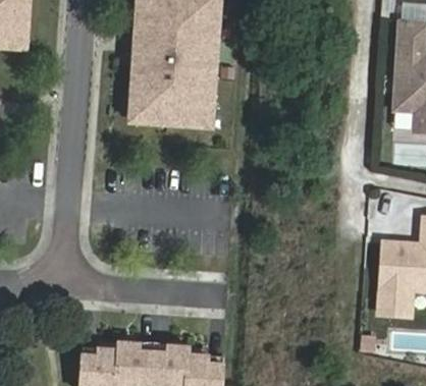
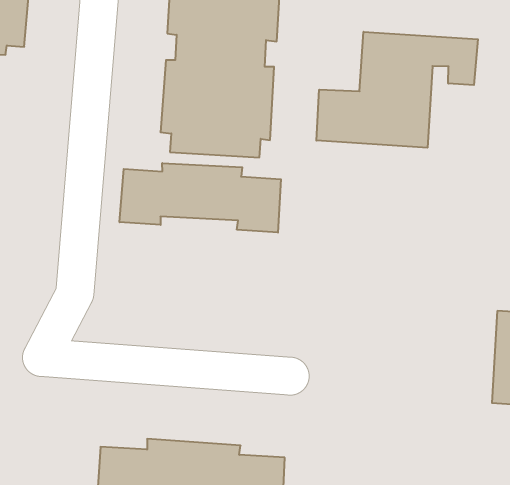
building: none -> [316,32,478,148]
building: none -> [120,163,281,233]

